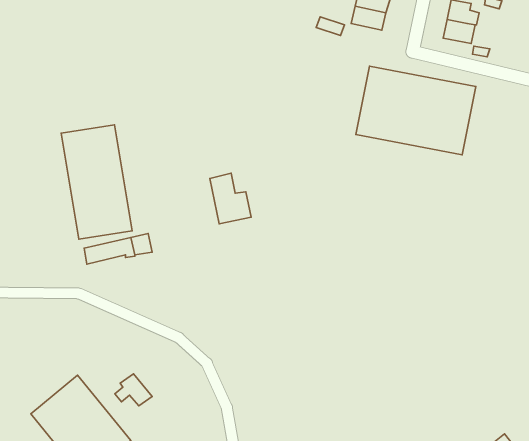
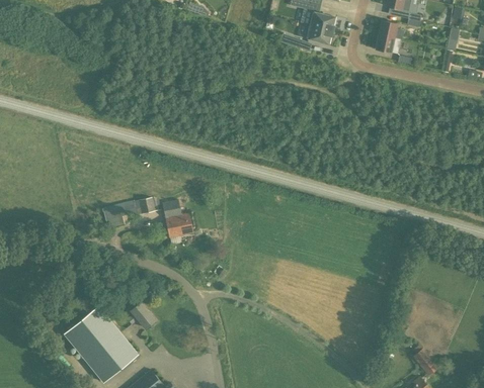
building: [356,66,476,155] -> none
building: [61,125,132,239] -> none
building: [210,173,251,224] -> [162,198,193,236]

